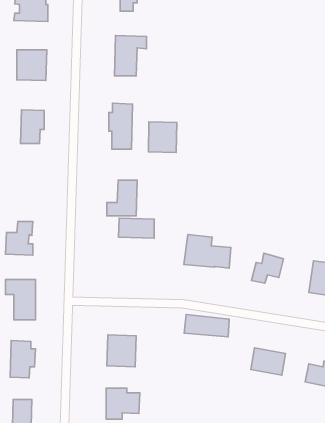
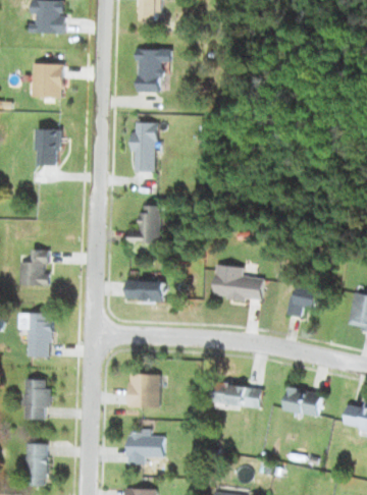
building: [148,122,177,152] -> none
building: [118,218,154,238] -> [125,279,164,300]
building: [184,314,229,337] -> [212,383,261,407]

